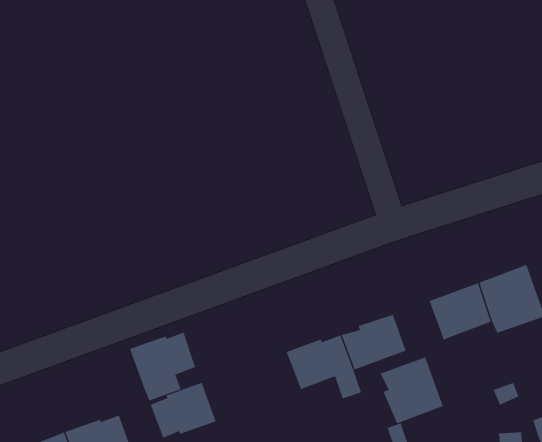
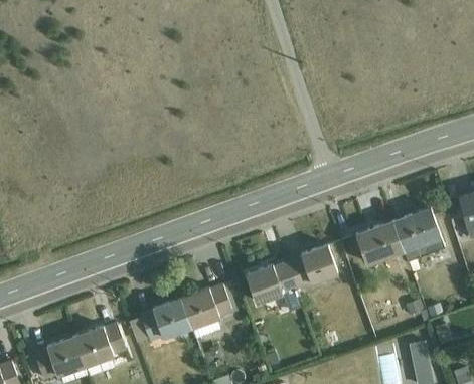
building: [129,332,196,401] -> [181,284,232,338]
building: [380,356,444,424] -> none

